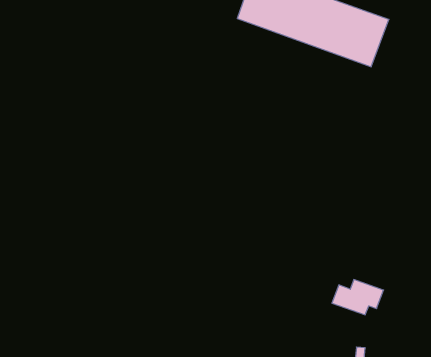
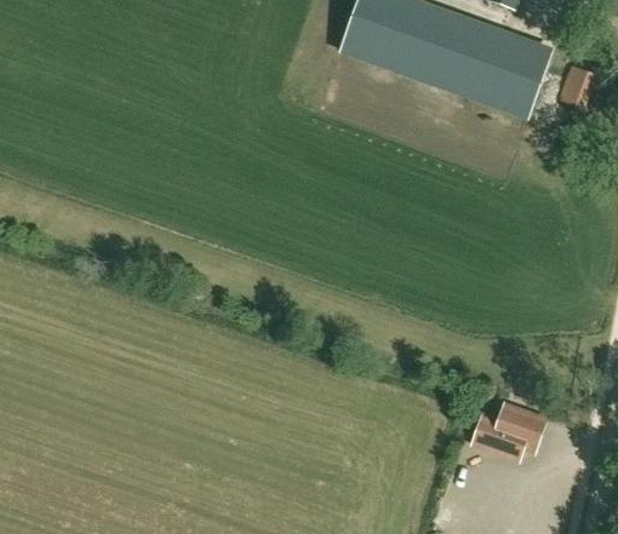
building: none -> [559,64,595,107]

